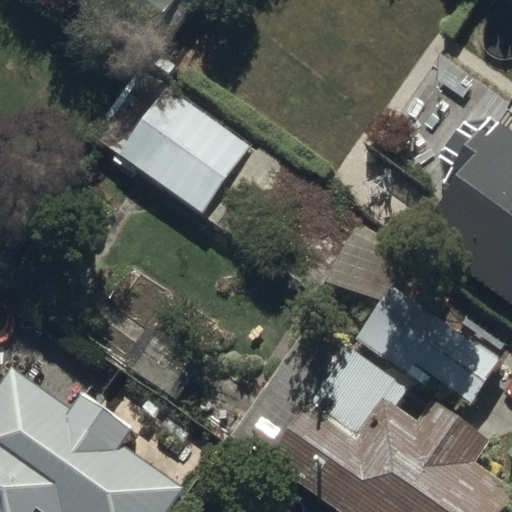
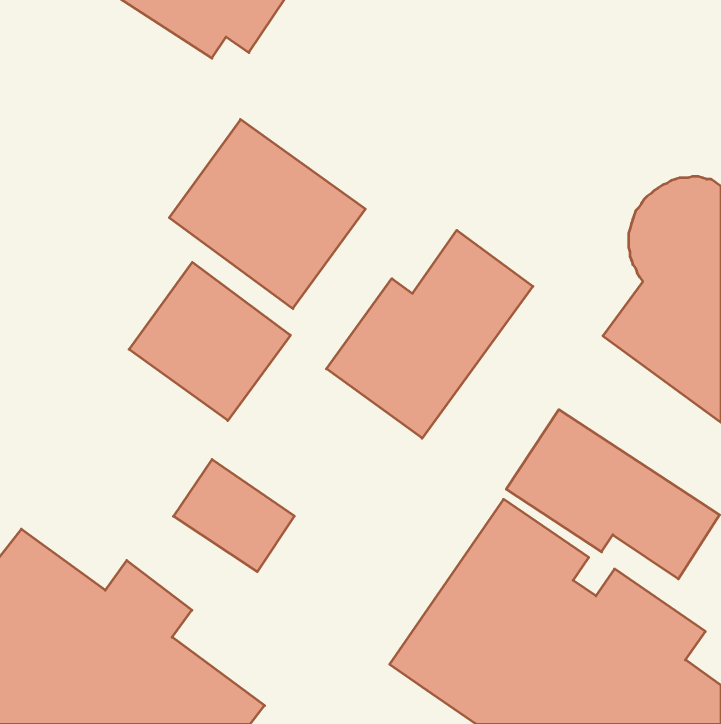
building: none -> [326,230,533,438]
building: none -> [129,262,290,421]

